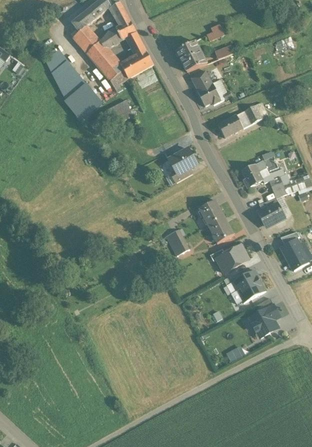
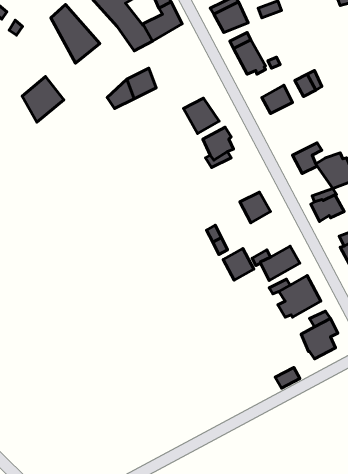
building: [67,83,101,120] -> [22,77,64,122]
building: none -> [184,98,219,134]
building: [208,217,233,243] -> [223,248,254,280]

